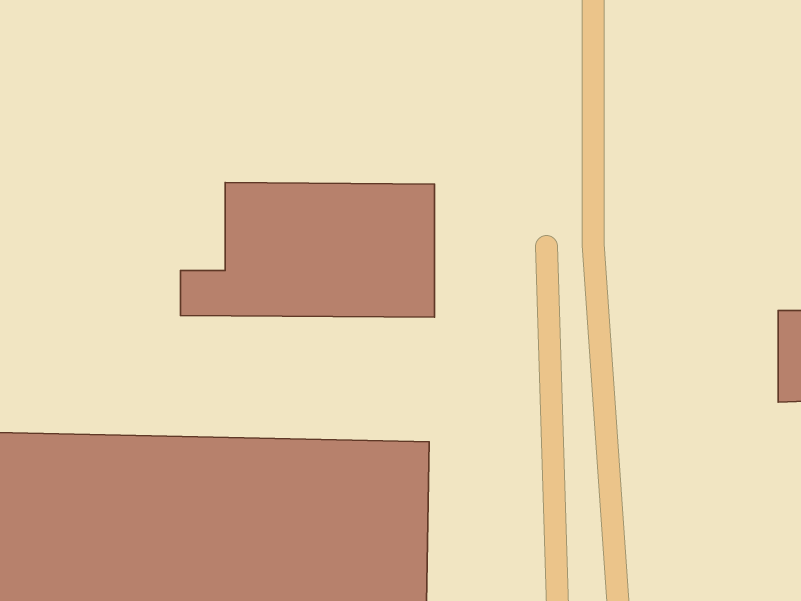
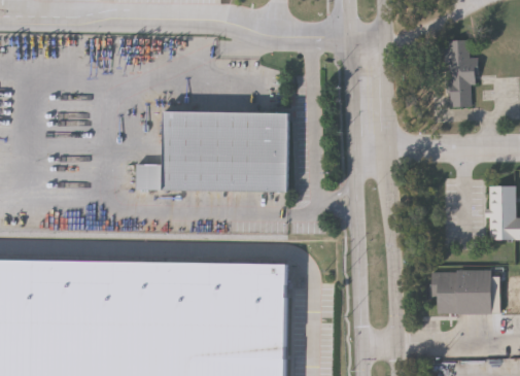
building: none -> [450,41,475,108]
building: none -> [435,272,498,315]

